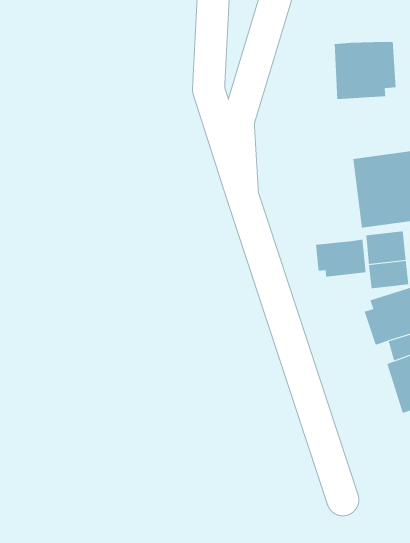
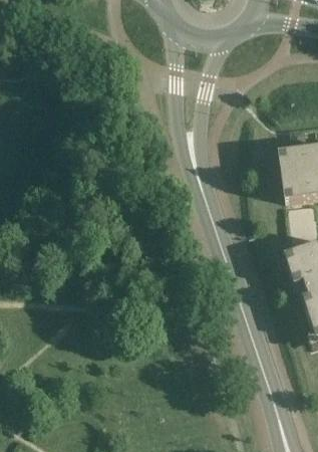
building: [334,41,396,100] -> none
building: [316,239,366,277] -> none

